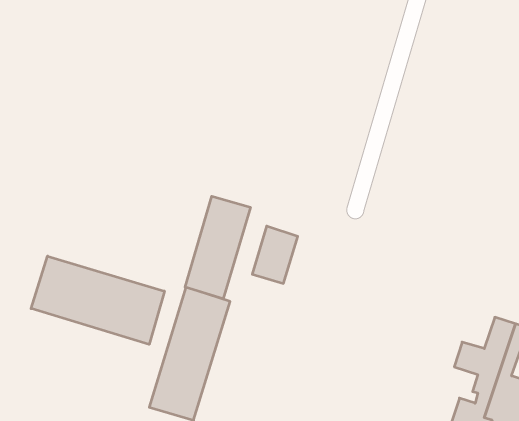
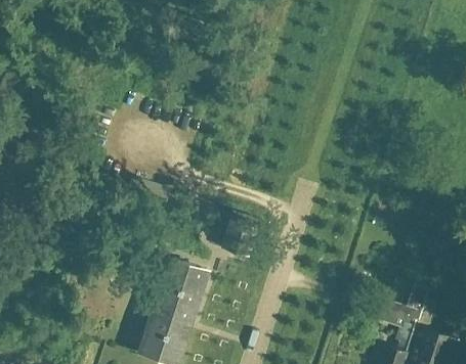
building: [185,196,250,299] -> none
building: [31,256,164,344] -> none

